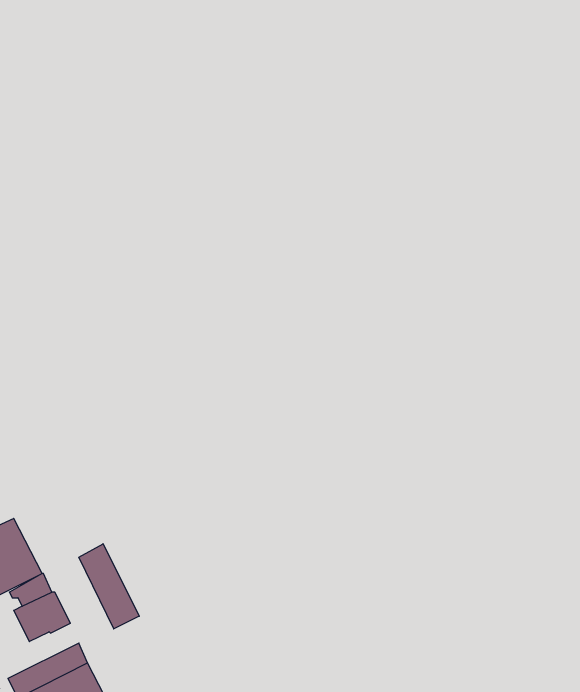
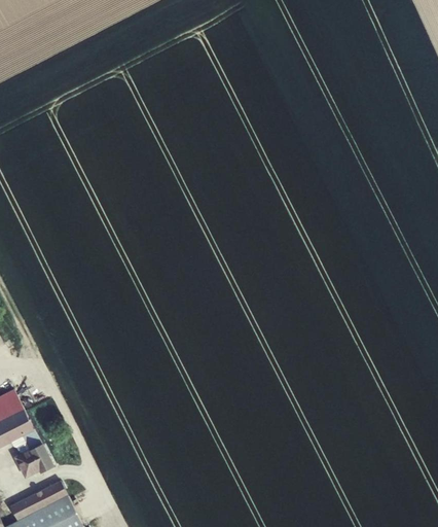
building: [79,544,139,629] -> none

